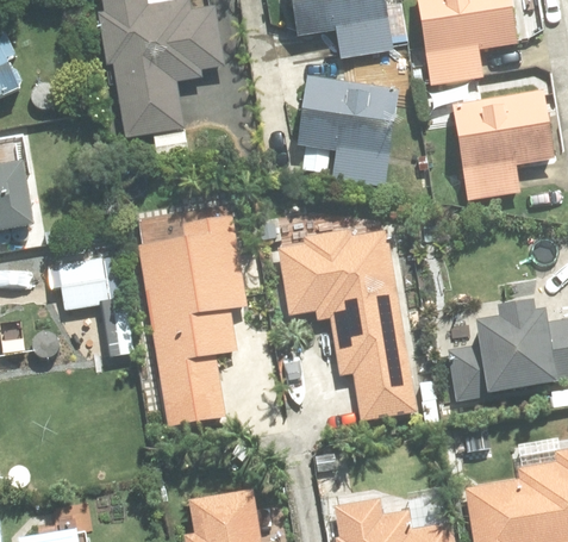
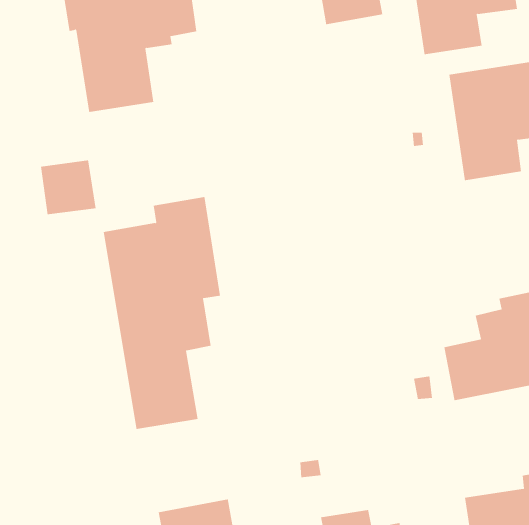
building: [298,75,399,186] -> none
building: [279,228,418,418] -> none
building: [58,257,110,307] -> [40,160,97,215]

